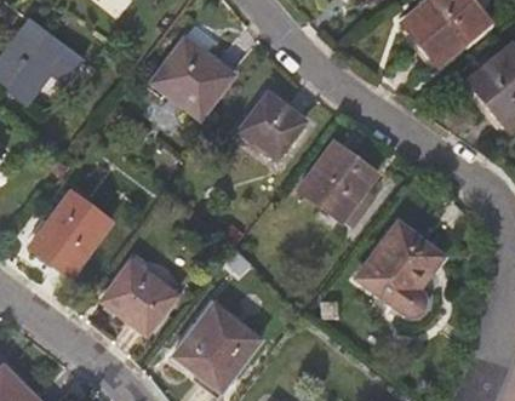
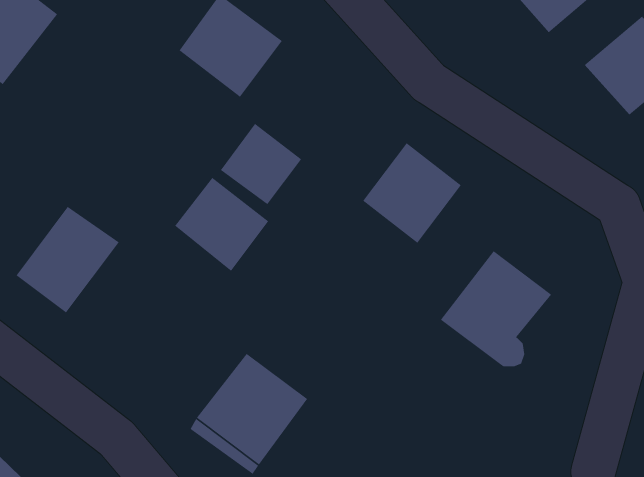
building: [240,94,303,157] -> [220,123,302,205]
building: [103,263,176,336] -> [174,177,269,272]

